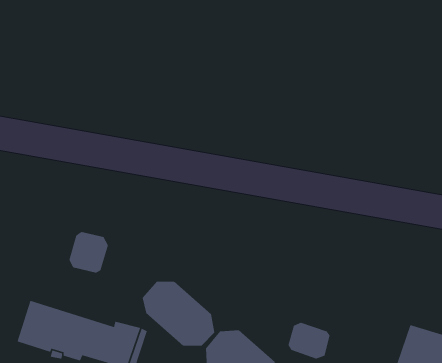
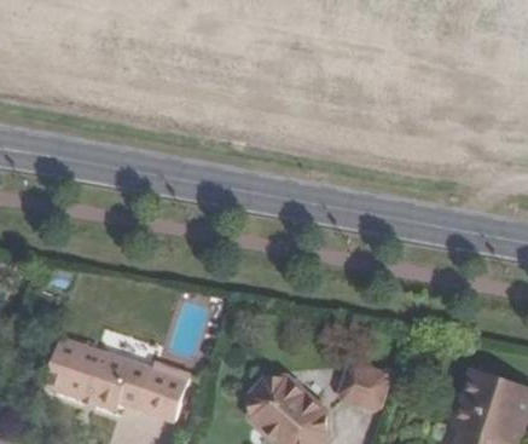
building: [69,231,109,274] -> none
building: [142,281,215,347] -> none

